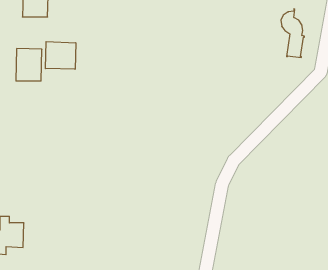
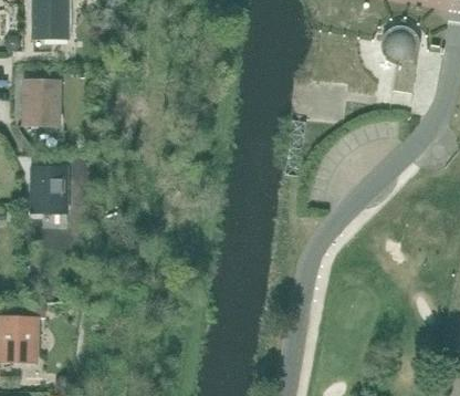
building: [45,42,76,69] -> none
building: none -> [31,168,65,211]

